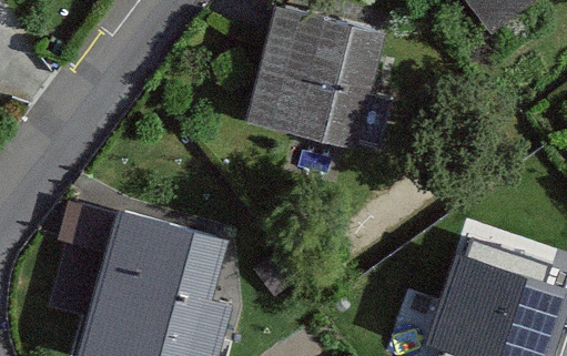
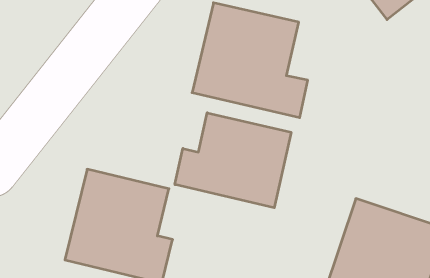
building: none -> [175,113,291,208]

